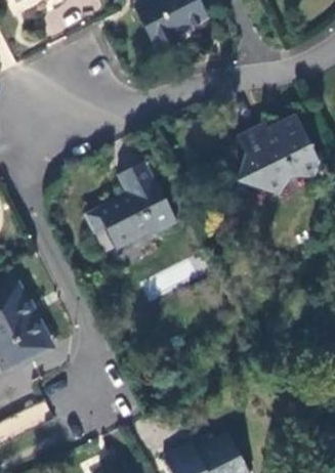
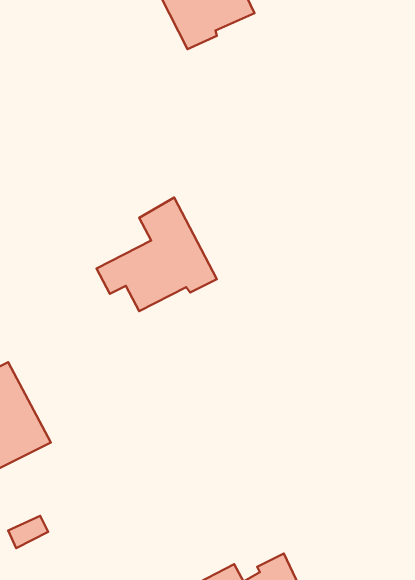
building: [236,115,318,196] -> none

